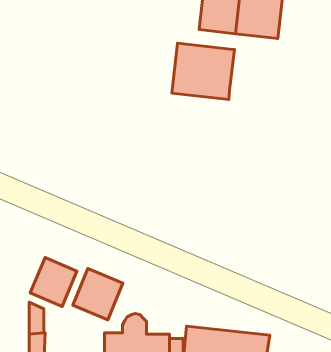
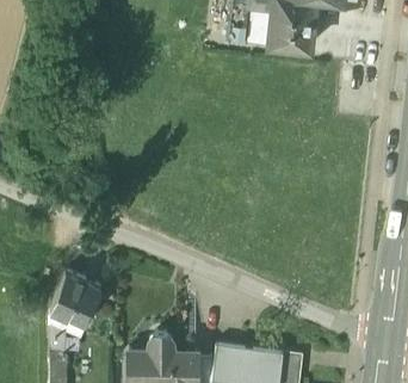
building: [172,43,235,100] -> none
building: [73,269,123,320] -> none

